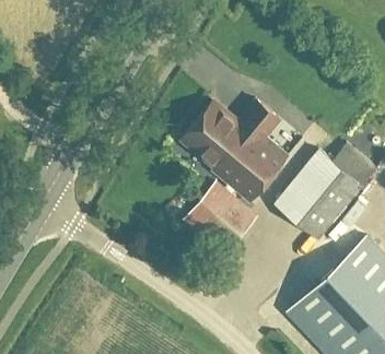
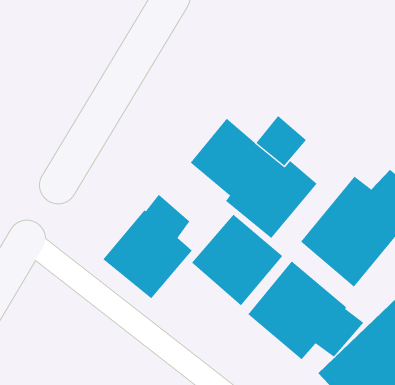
building: none -> [102,194,193,299]
building: none -> [248,260,364,360]

